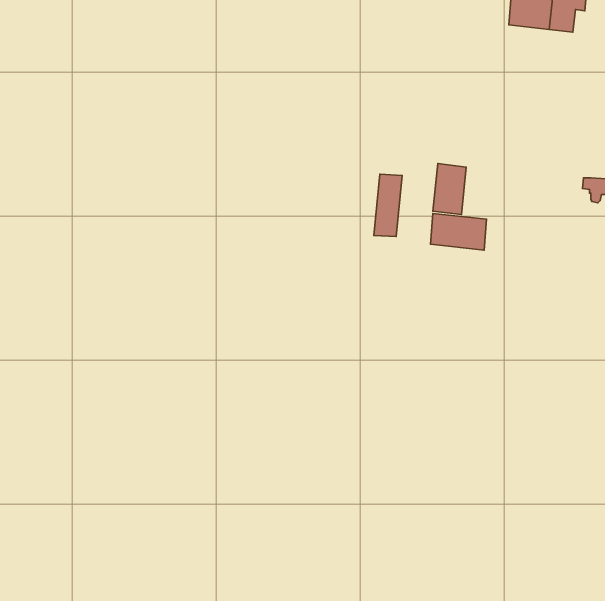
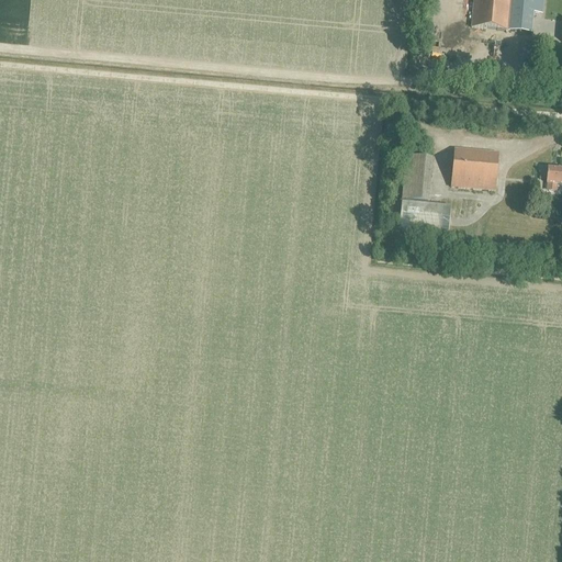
building: none -> [452,146,498,188]
building: [374,174,402,237] -> none

